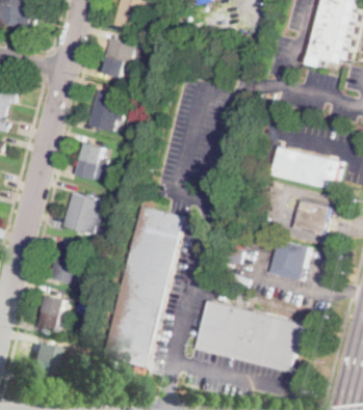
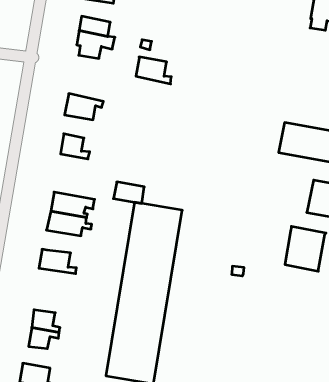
building: [93,90,124,116] -> [136,57,171,84]
building: [77,160,105,181] -> [113,182,144,203]
building: [49,259,86,283] -> none
building: [198,301,303,374] -> none

